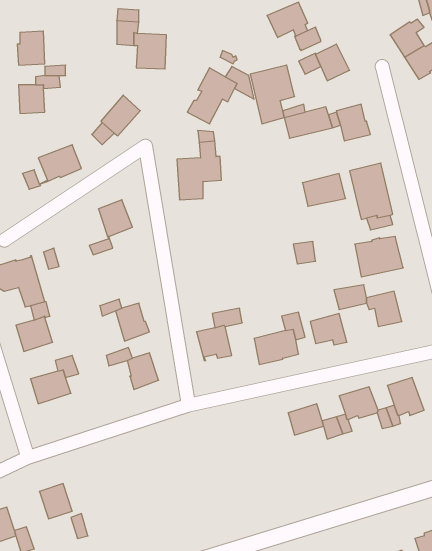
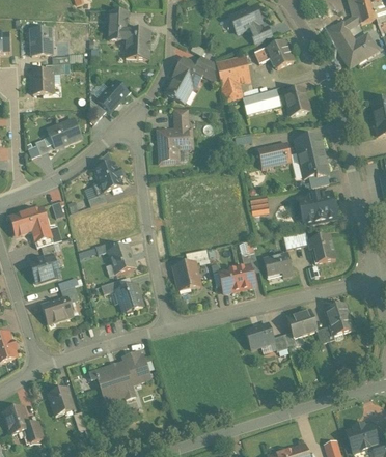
building: none -> [88,350,150,402]

